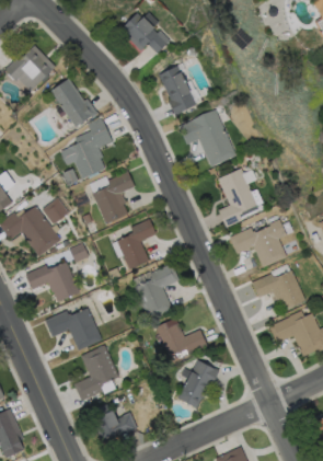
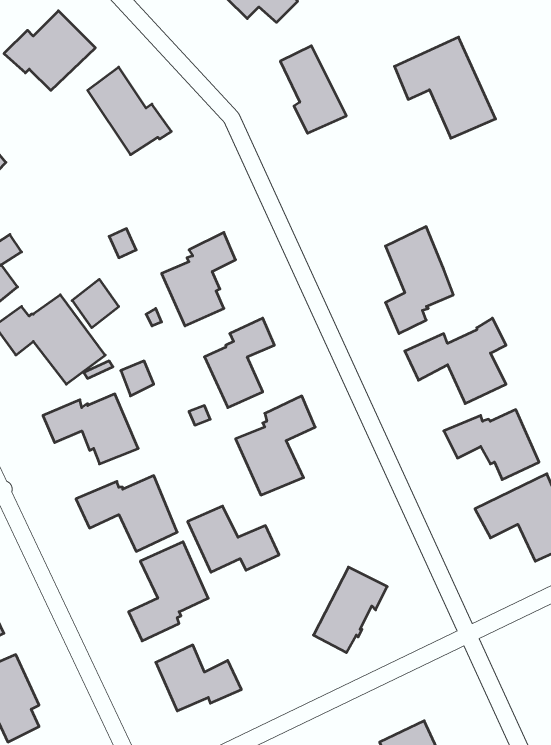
building: [178,110,235,166] -> [394,37,496,138]
building: [60,118,112,178] -> none
building: [155,319,207,356] -> [188,506,279,572]

